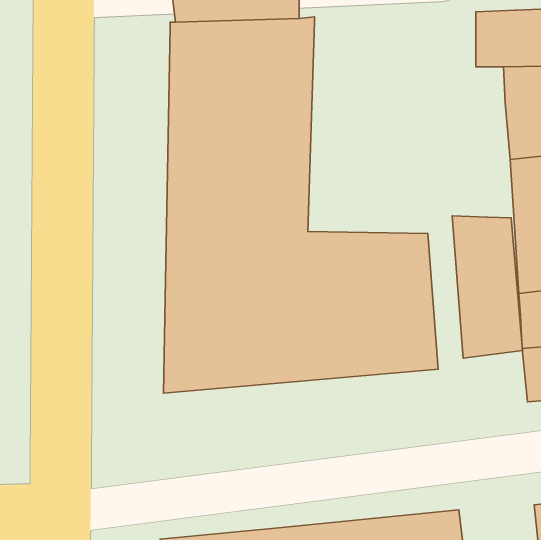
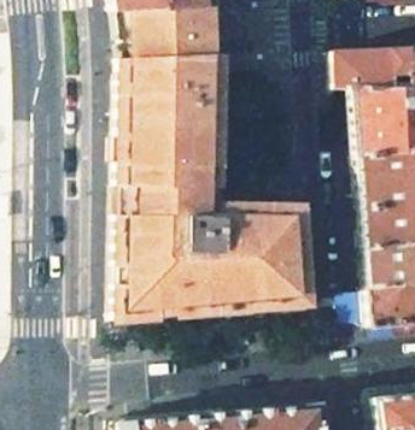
building: [452,216,522,358] -> none

